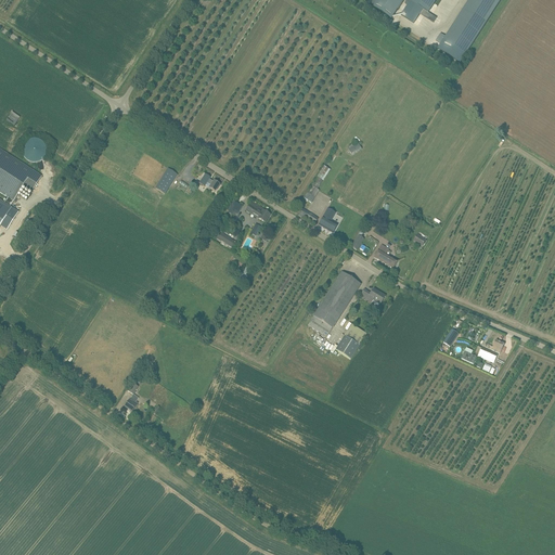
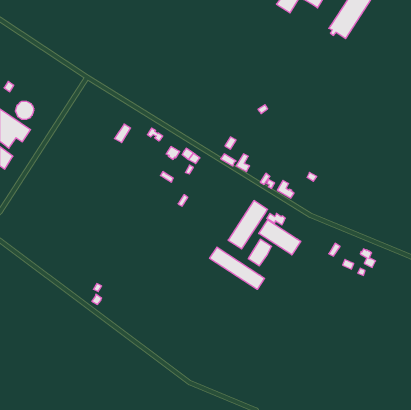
building: none -> [259,220,301,255]
building: none -> [210,247,265,289]

